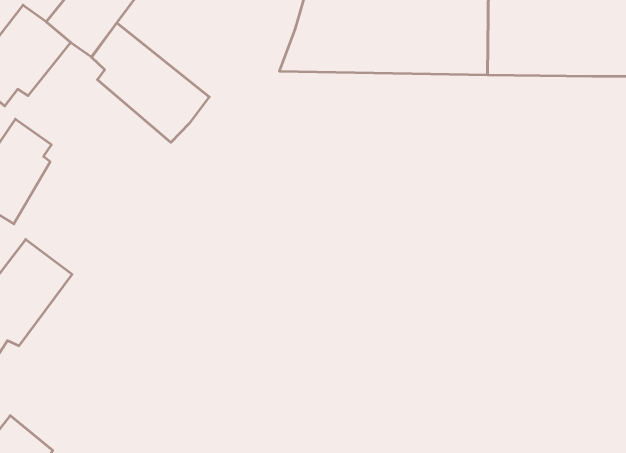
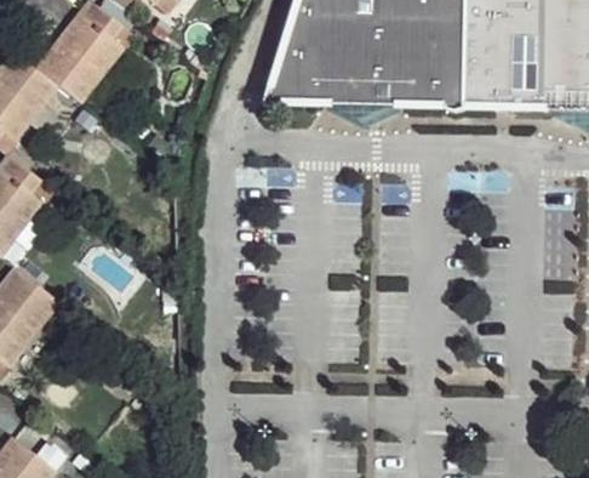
building: [92,23,209,142] -> none

